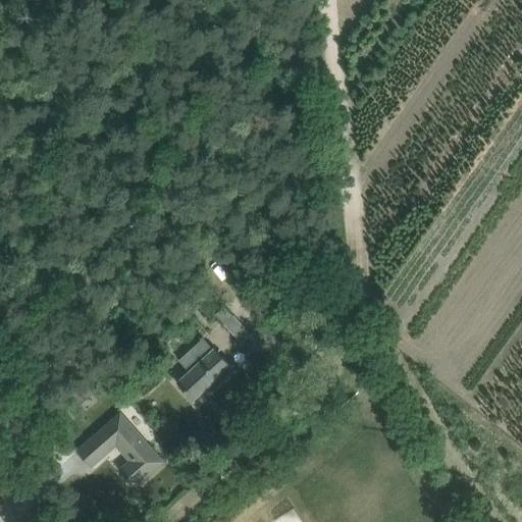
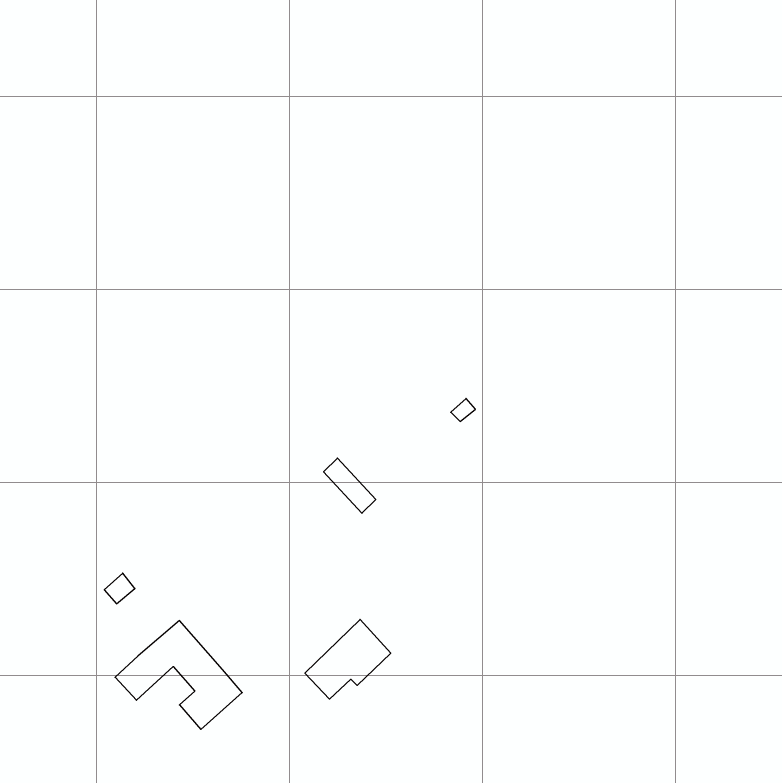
building: [175,347,232,400] -> [305,619,391,699]

